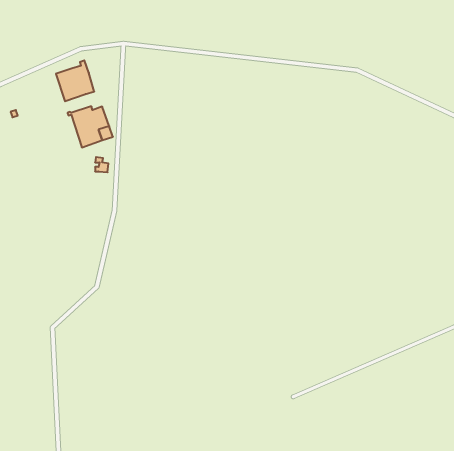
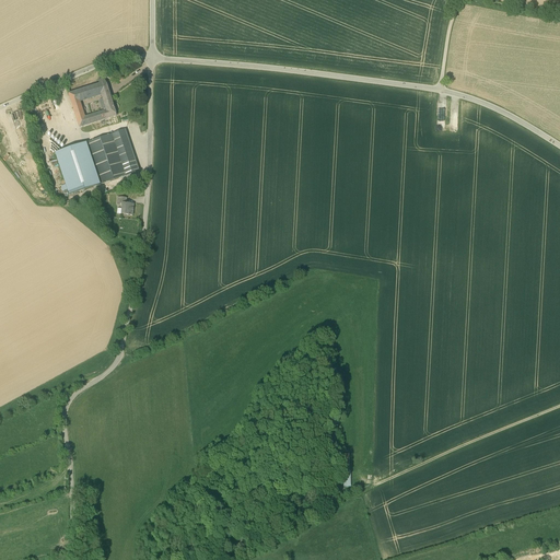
building: none -> [55,140,101,192]

